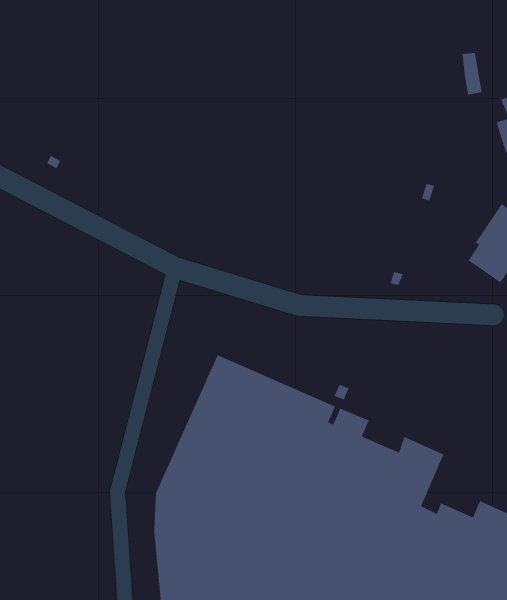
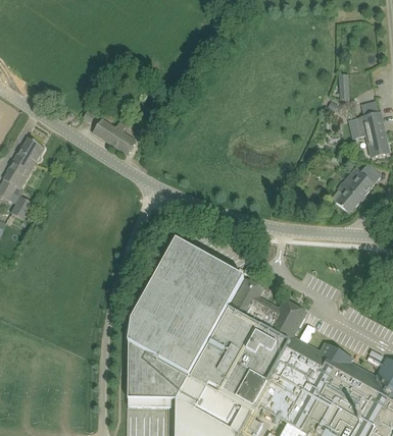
building: none -> [93,117,136,154]

